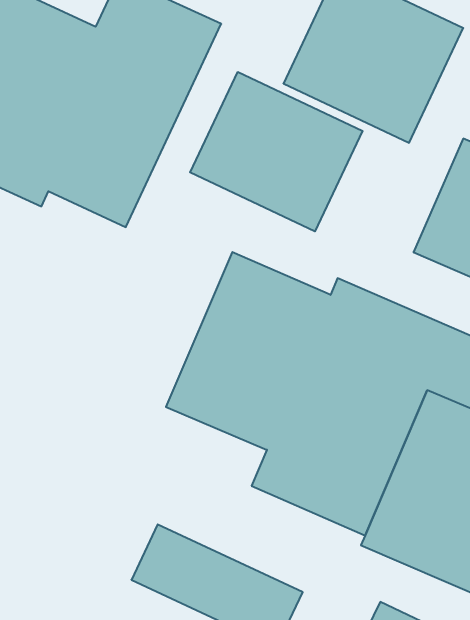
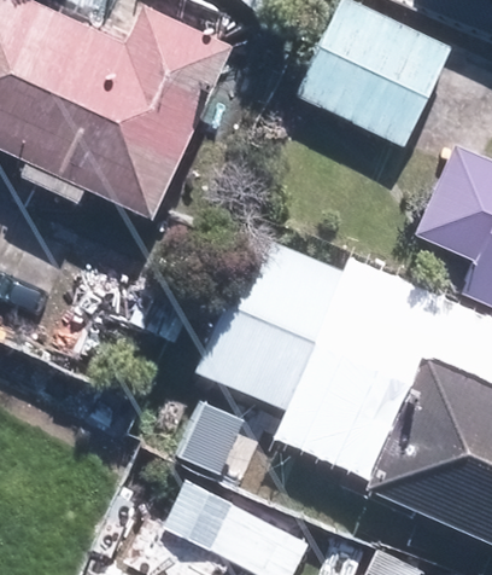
building: [190,72,363,231] -> none

